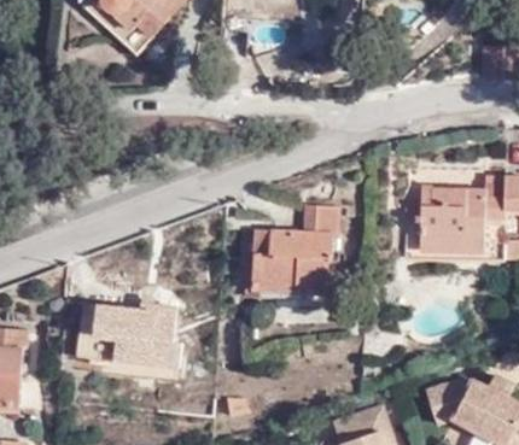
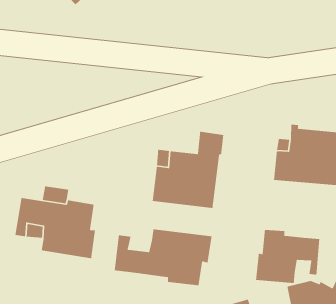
building: none -> [255,229,320,284]
building: none -> [114,229,213,286]

